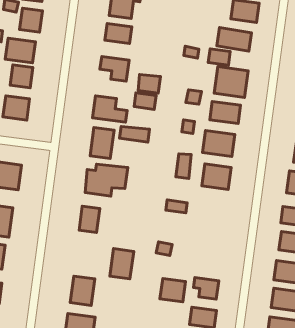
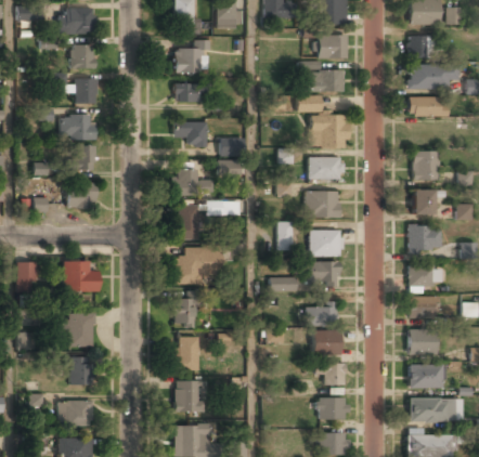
building: none -> [307,261,340,284]
building: none -> [306,304,337,325]
building: [110,249,134,279] -> [176,337,199,369]
building: [160,279,186,302] -> [314,331,341,355]

